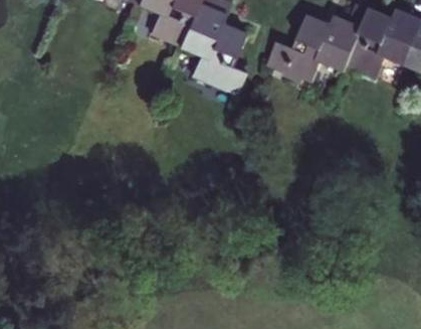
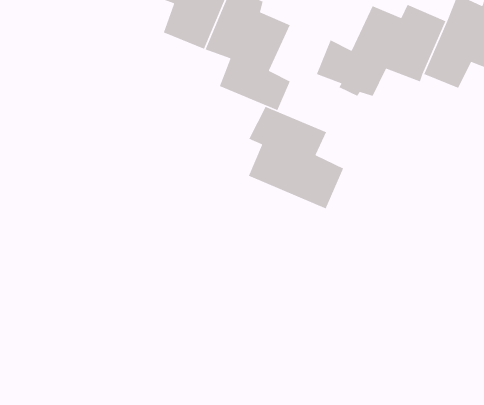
building: none -> [248,106,344,210]

